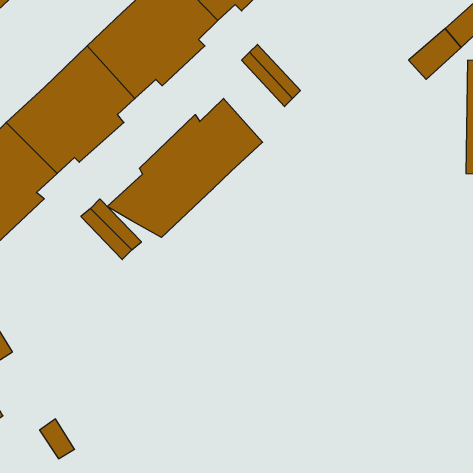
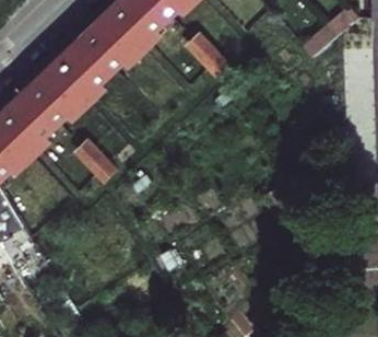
building: [107,98,263,237] -> none

